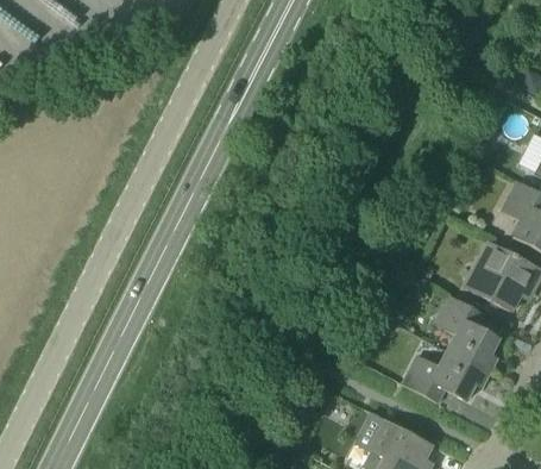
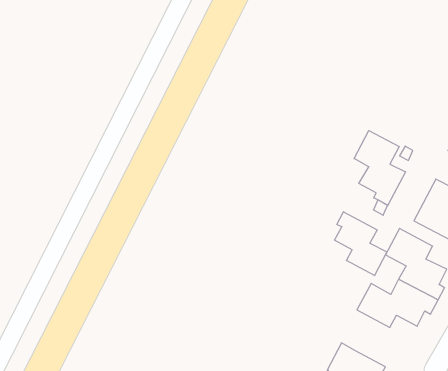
building: none -> [354,131,406,205]
building: none -> [334,212,387,276]

